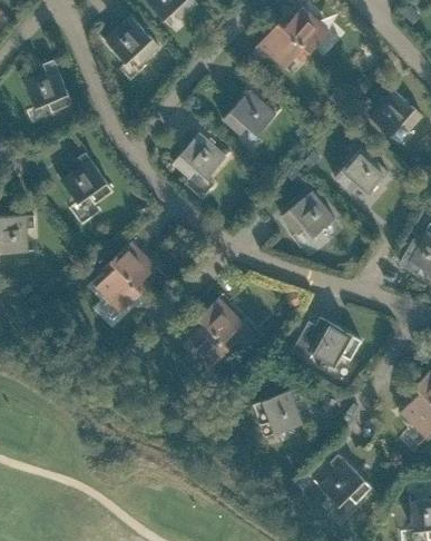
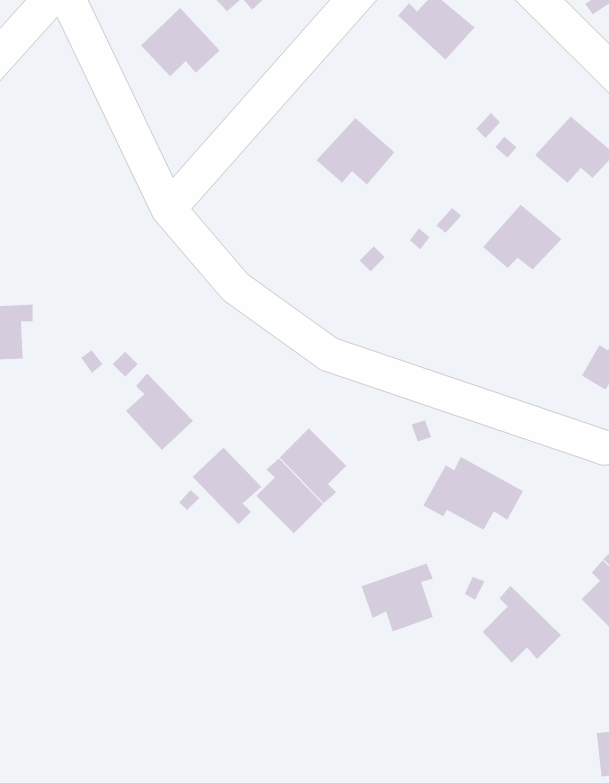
building: [258,23,310,69] -> none
building: [23,60,72,112] -> none
building: [173,134,226,179] -> none
building: [61,153,114,205] -> none
building: [282,191,334,238] -> none
building: [110,242,157,294] -> [192,447,262,525]
building: [319,454,372,506] -> [482,585,562,663]

